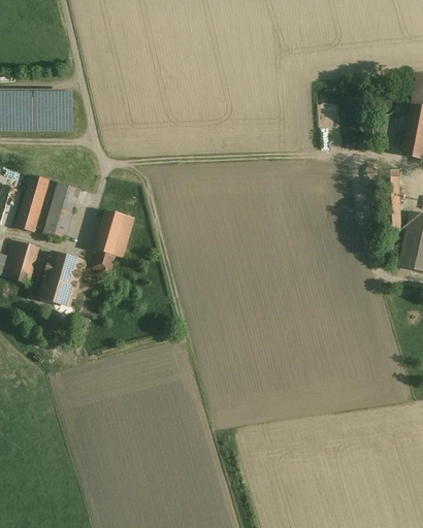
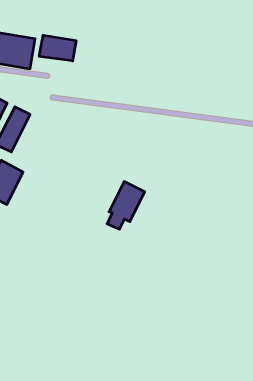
building: none -> [39,35,76,61]
building: [94,208,134,268] -> [107,182,145,229]

